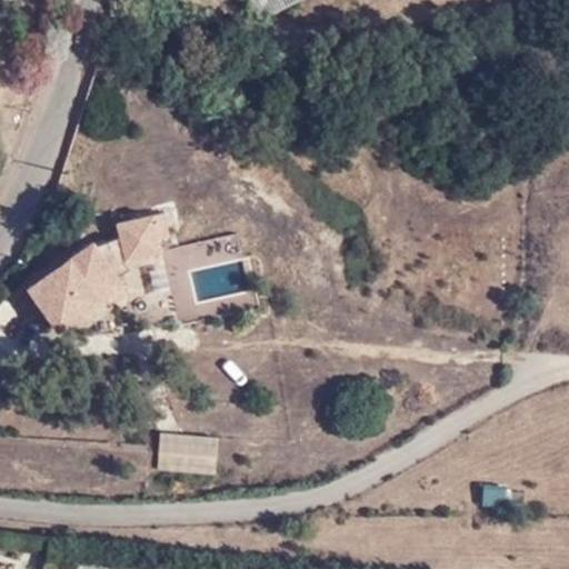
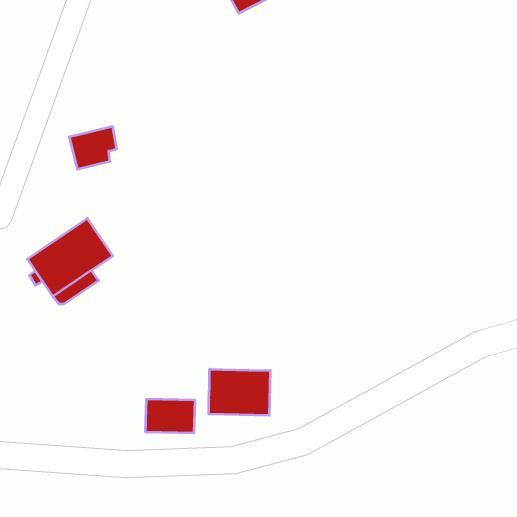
building: [121,209,173,256] -> [69,127,117,169]
building: none -> [209,369,270,415]

